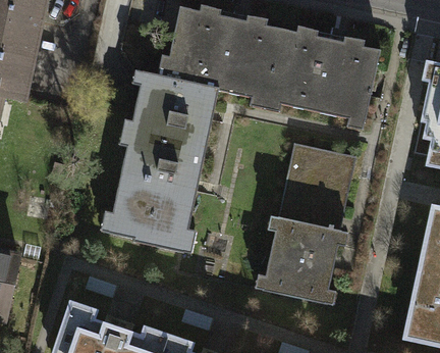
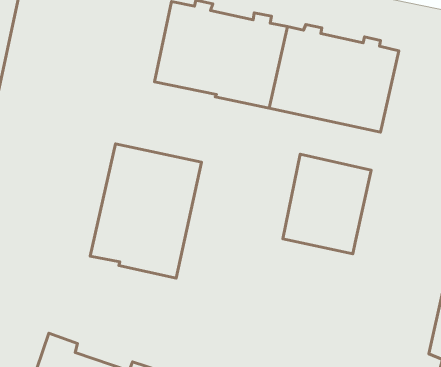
building: [129,73,219,150] -> none
building: [262,218,341,304] -> none

